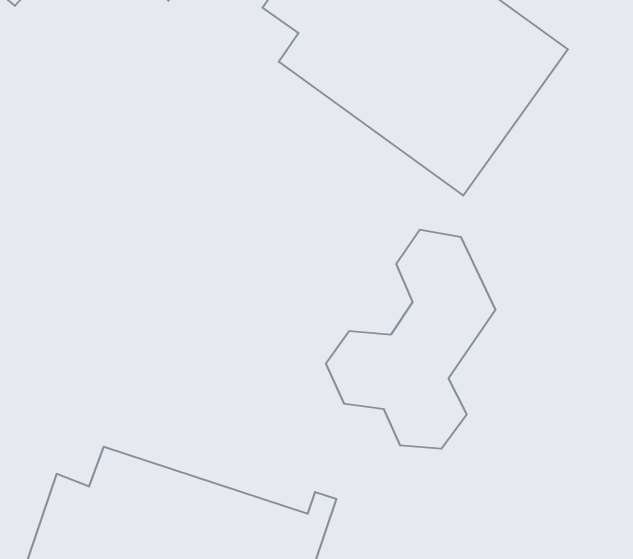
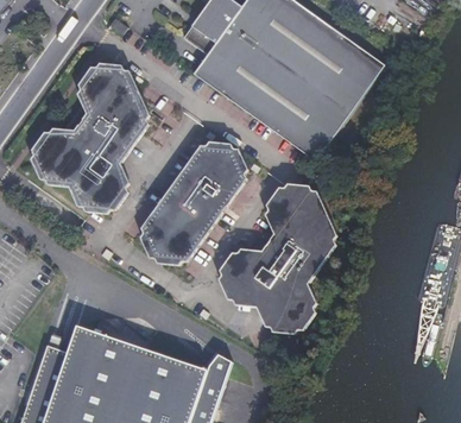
building: none -> [34,64,147,207]
building: none -> [145,144,246,258]

